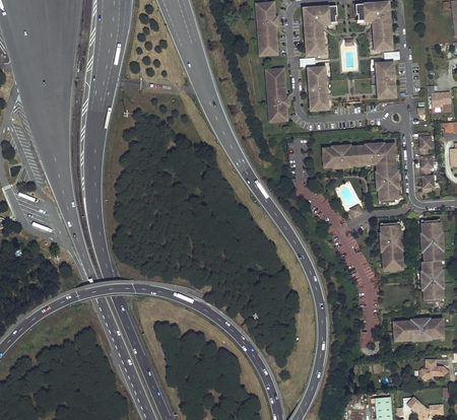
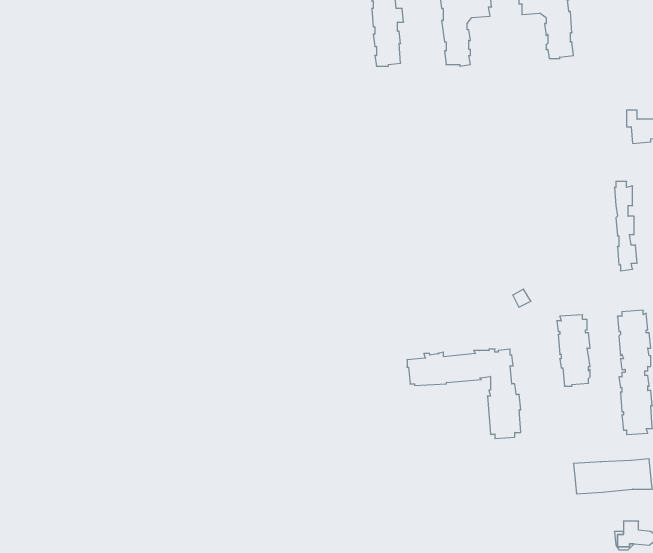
building: [376,62,395,97] -> none
building: [308,67,327,110] -> none
building: [266,69,288,121] -> none
building: [323,142,399,202] -> [407,349,521,439]

